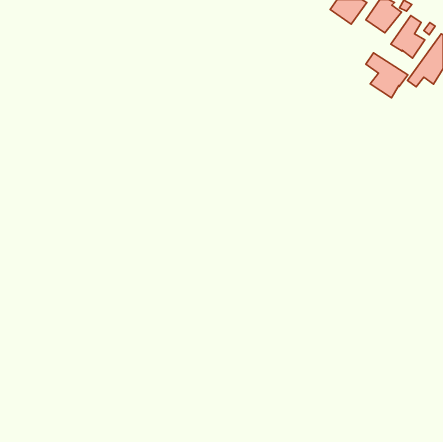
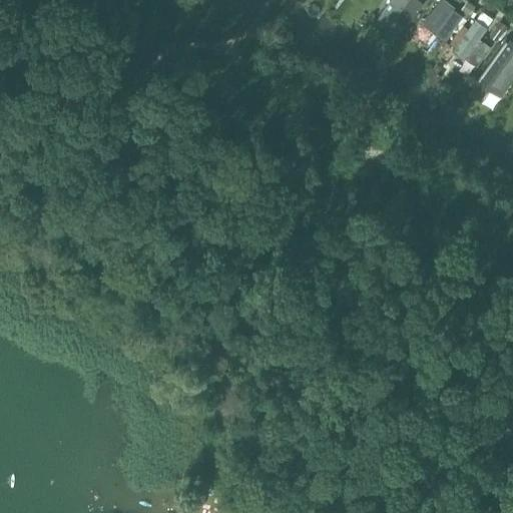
building: [366,53,408,98] -> none

